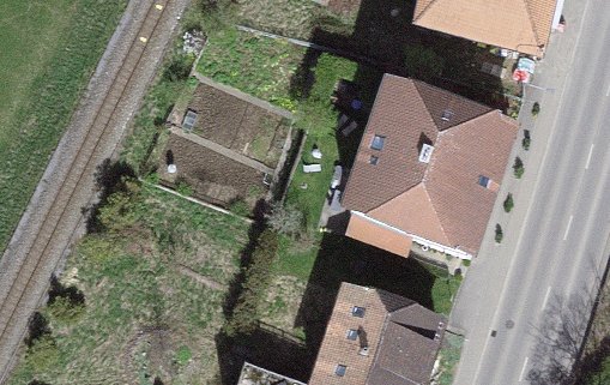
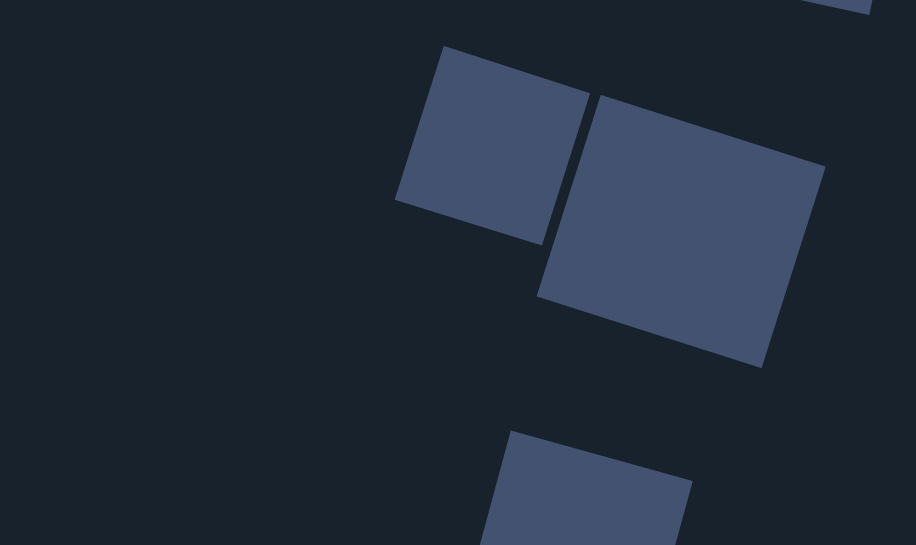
building: none -> [394,45,591,247]

